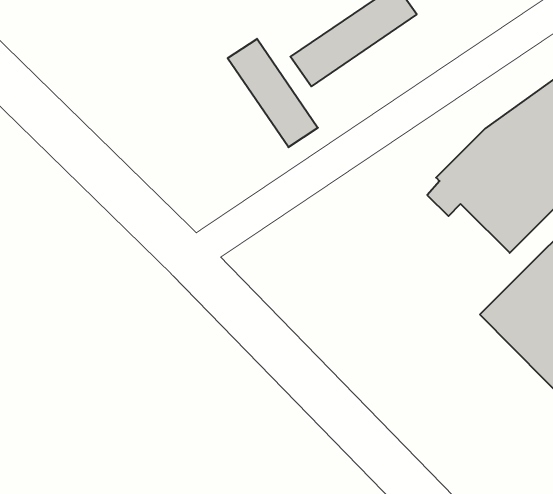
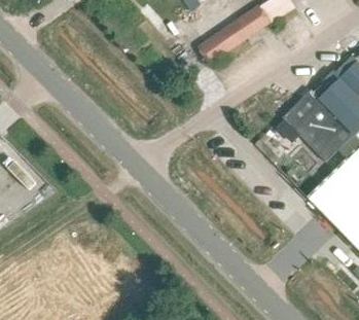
building: [228,39,318,147] -> none

